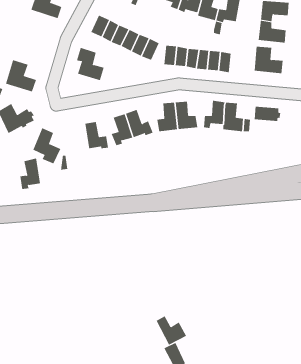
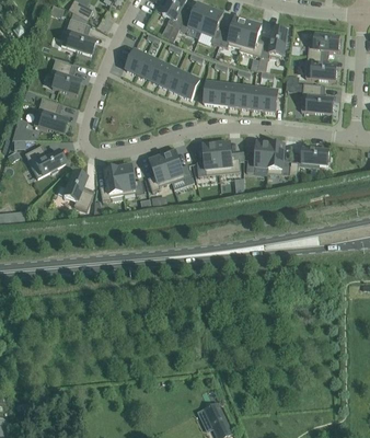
building: [76,47,105,81] -> [49,57,80,93]
building: [19,158,41,189] -> [100,165,123,199]
building: [156,315,187,345] -> none

